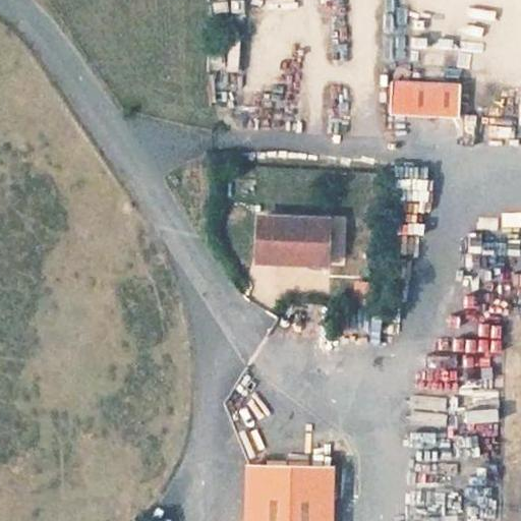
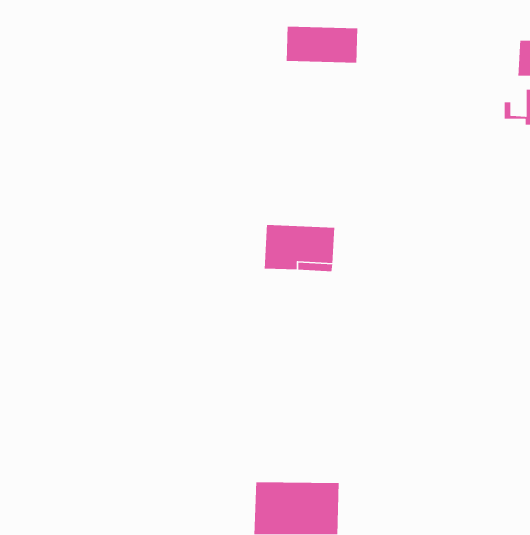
building: [390,79,460,116] -> [286,26,358,64]

